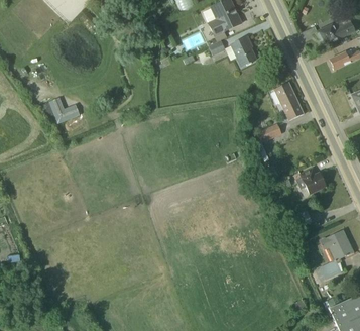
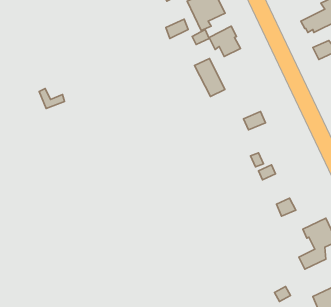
building: [273,82,304,120] -> [195,58,225,97]
building: [295,168,326,194] -> none

